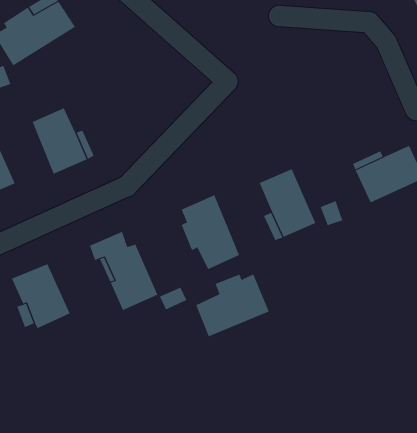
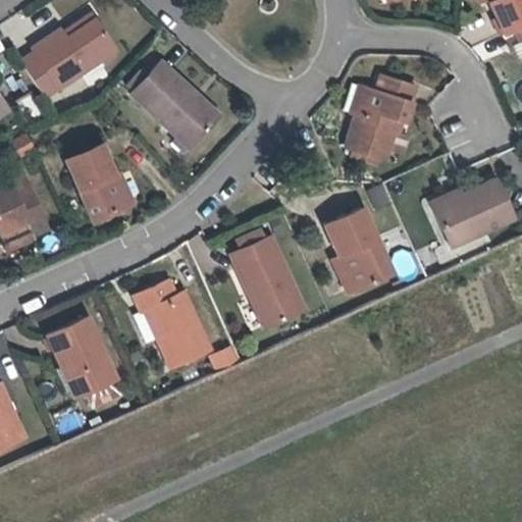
building: none -> [137,61,226,142]
building: none -> [348,75,418,160]
building: [196,274,269,337] -> none

